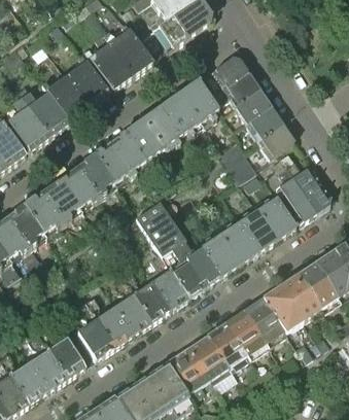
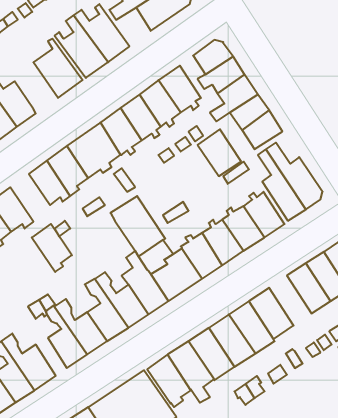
building: [40,77,86,125] -> none
building: [42,180,79,224] -> [32,224,72,272]
building: [281,274,320,320] -> none

